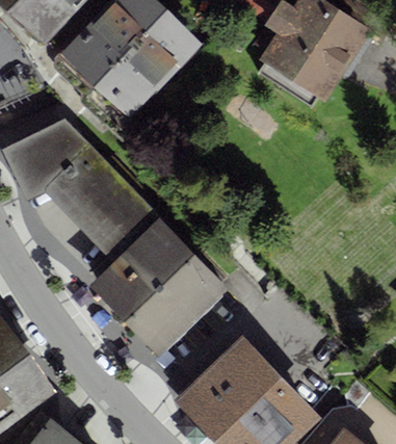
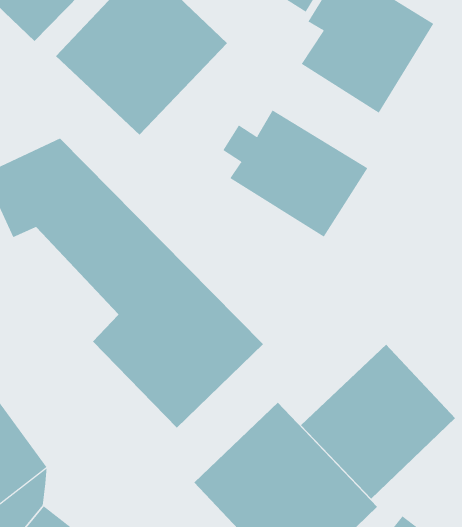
building: none -> [223,109,368,237]
building: none -> [300,344,456,499]

